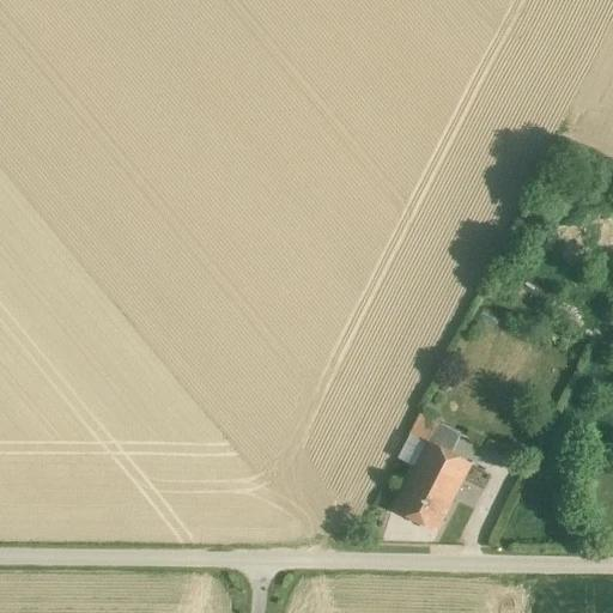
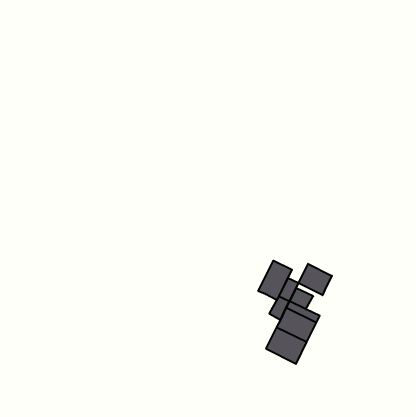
building: none -> [258,261,292,300]
building: none -> [299,264,332,295]

